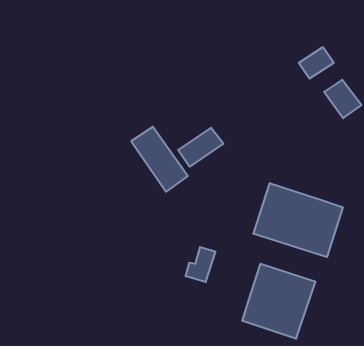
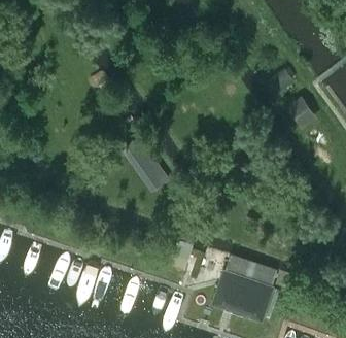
building: [178,128,223,167] -> none
building: [253,183,343,257] -> none

